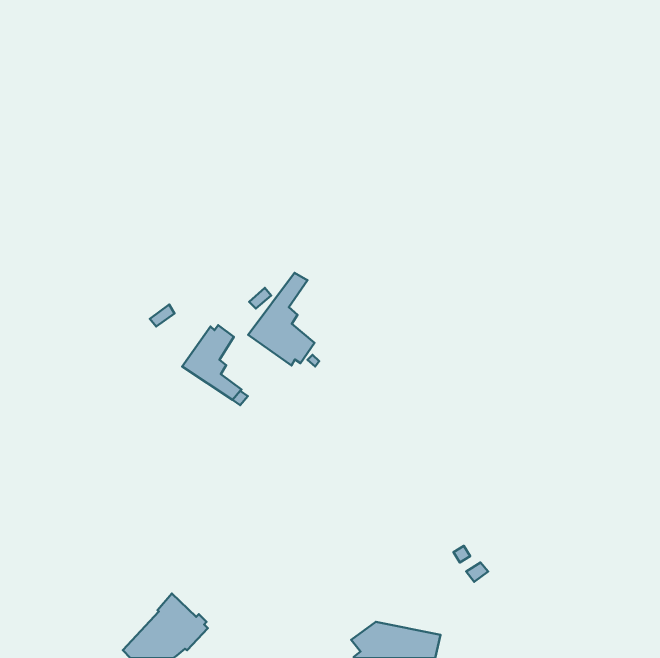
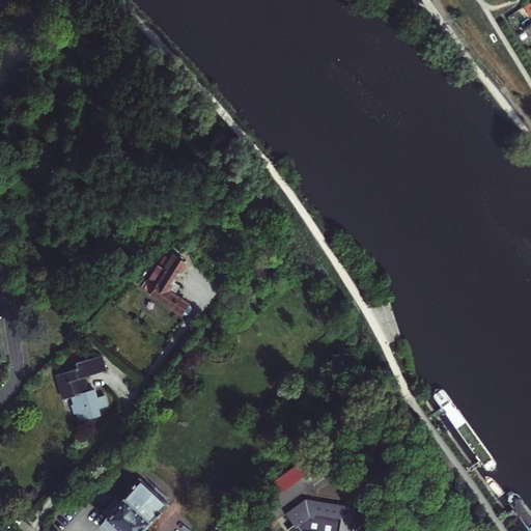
building: [248,273,314,366] -> none
building: none -> [58,355,108,420]

